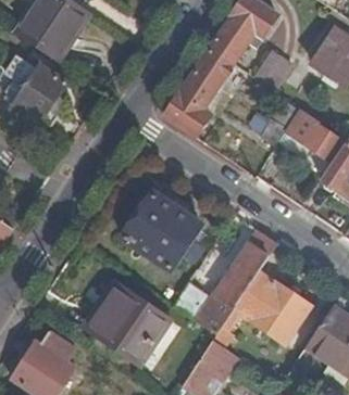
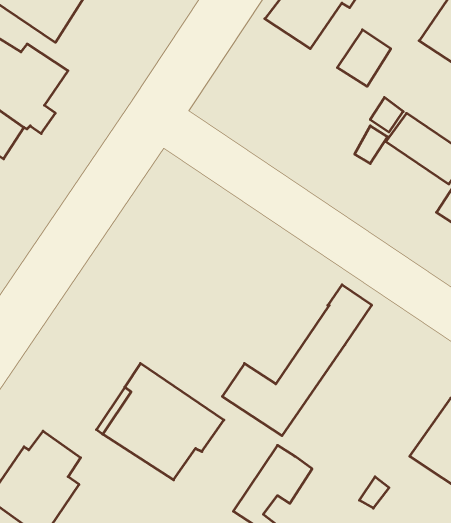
building: [158,46,235,137] -> none
building: [122,191,201,270] -> none
building: [212,270,311,347] -> none

